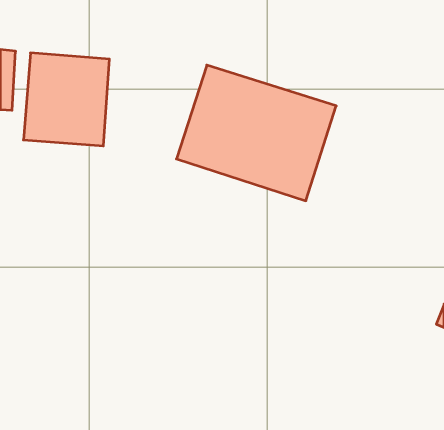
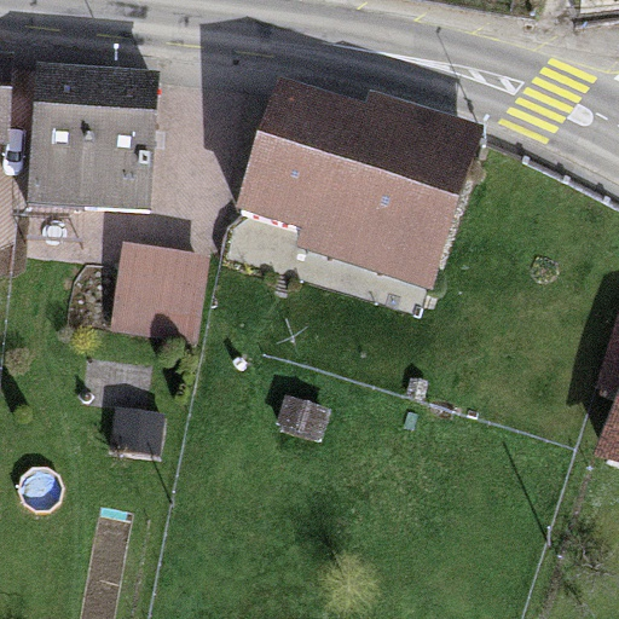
building: none -> [116,249,202,328]

